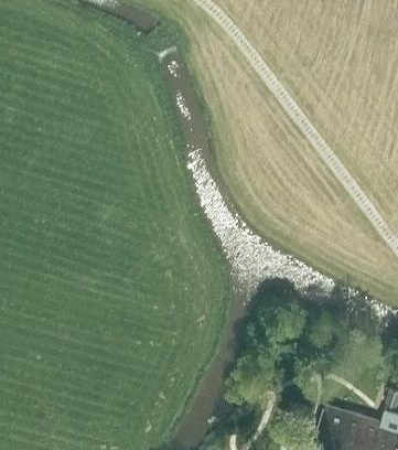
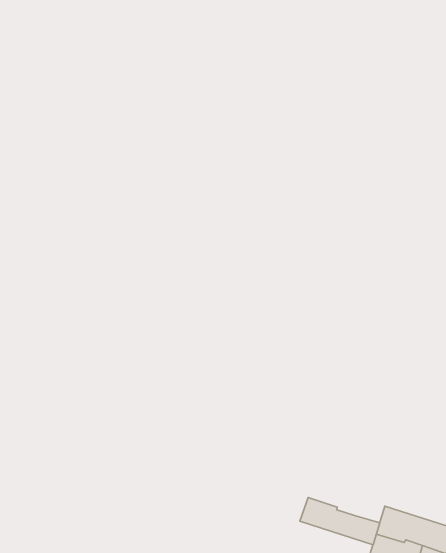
building: none -> [300,497,380,545]

